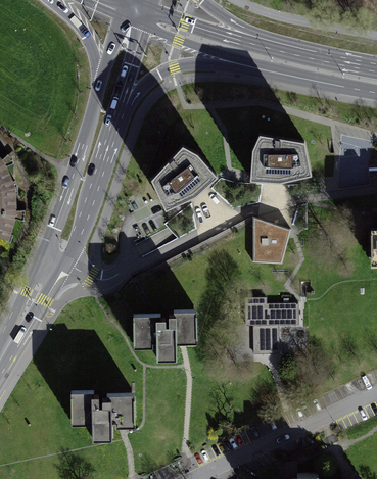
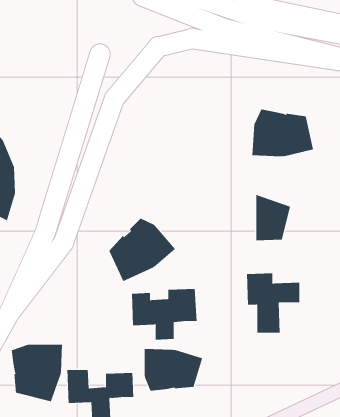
building: [150,145,217,208] -> [108,218,176,282]
building: none -> [11,344,62,402]
building: none -> [144,348,203,392]

